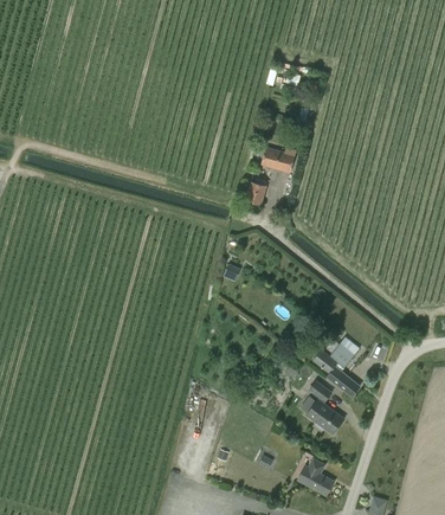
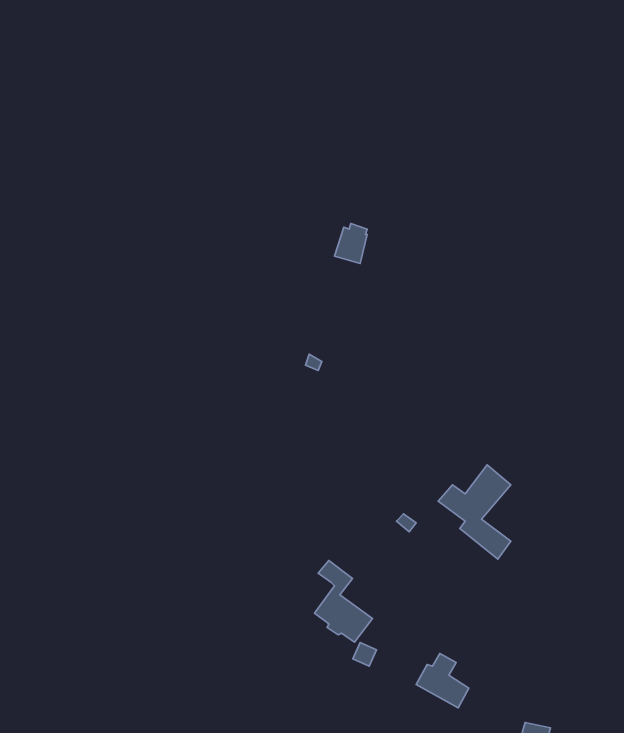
building: [262,149,295,173] -> none
building: [307,381,344,434] -> [314,560,373,642]

